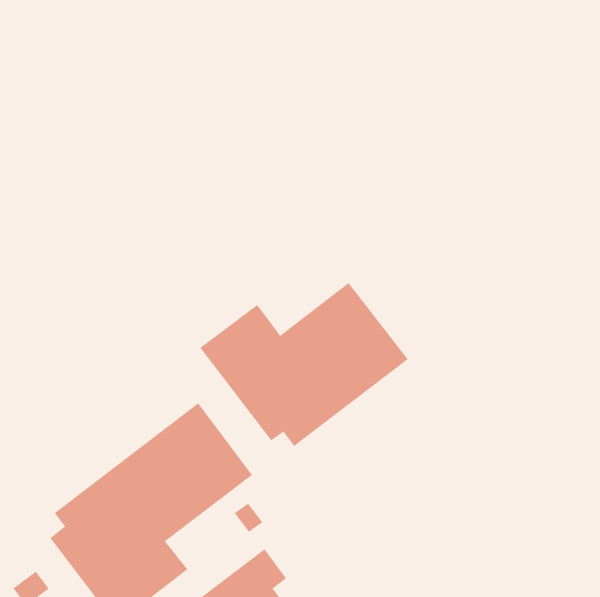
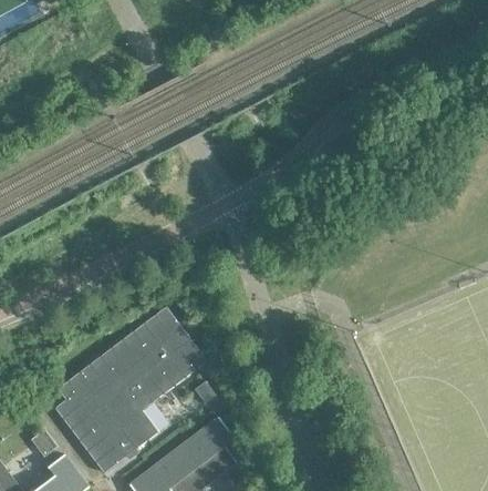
building: [199,282,408,447] -> none

